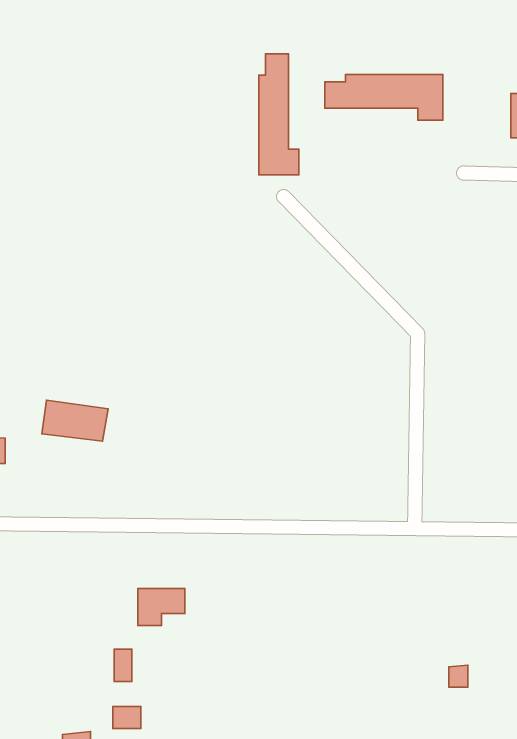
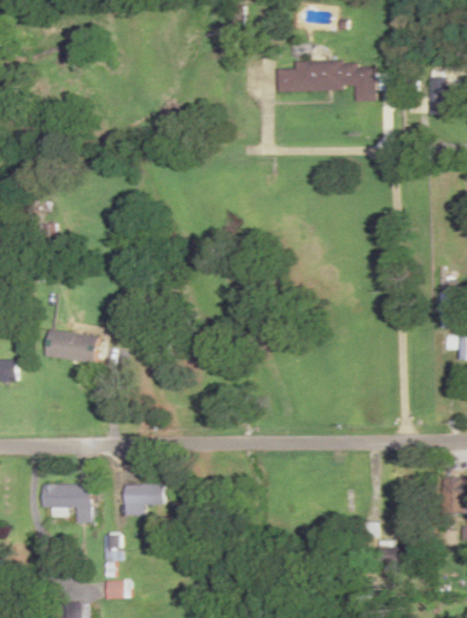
building: [259,54,299,175] -> none
building: none -> [41,483,91,520]

